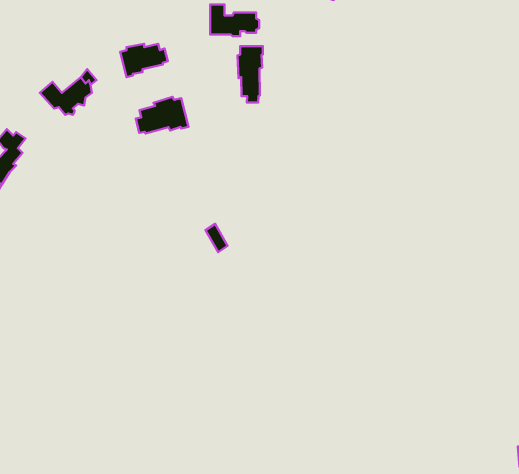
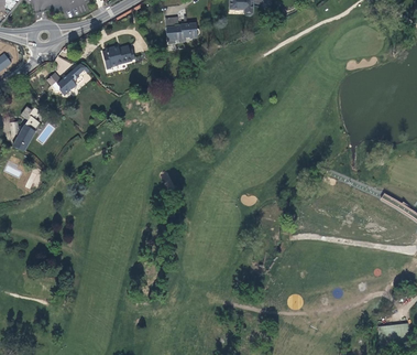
building: [237,46,263,103] -> none
building: [136,97,188,133] -> none

